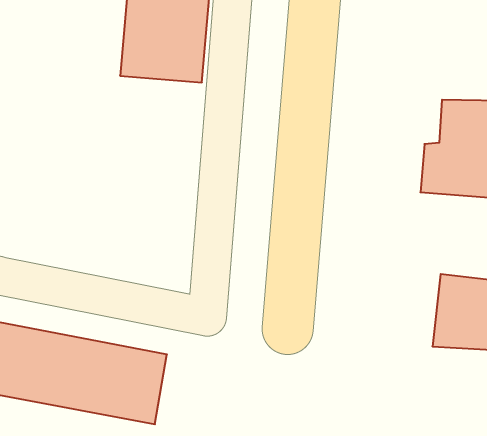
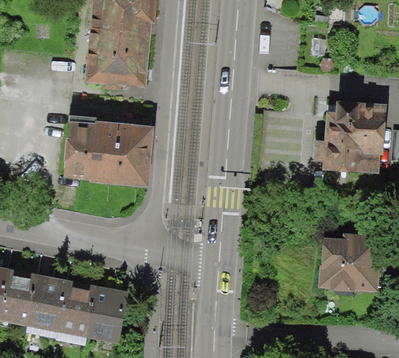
building: none -> [65,116,153,183]

